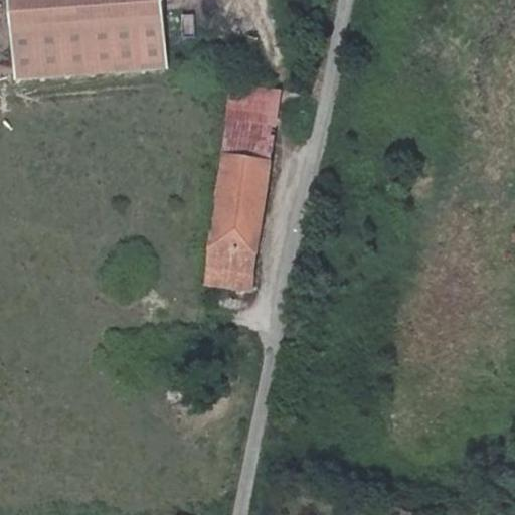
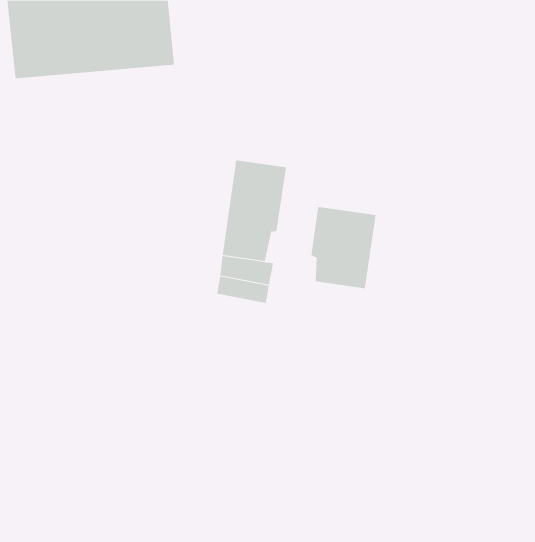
building: [222,81,281,160] -> none
building: none -> [311,206,376,289]

